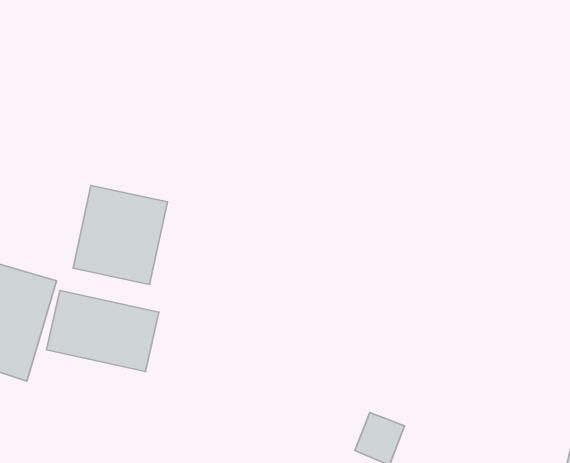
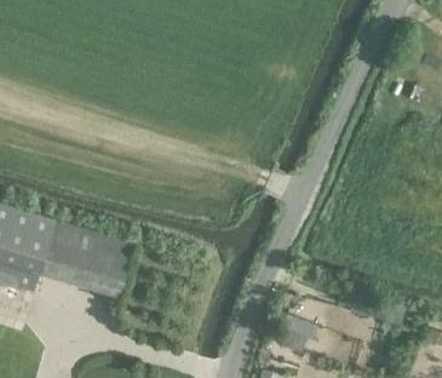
building: [73,186,168,285] -> none

